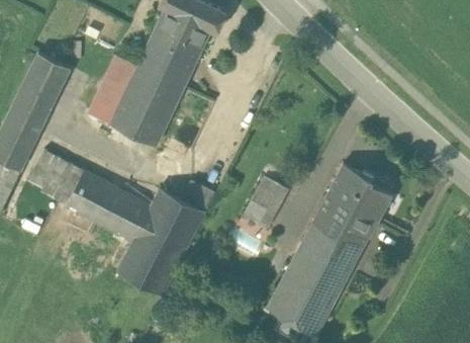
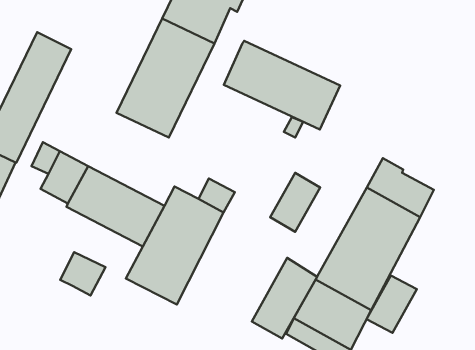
building: [88,55,137,123] -> none
building: none -> [224,41,340,130]
building: none -> [60,252,105,296]
building: none -> [252,258,317,338]
building: none -> [367,275,417,333]

